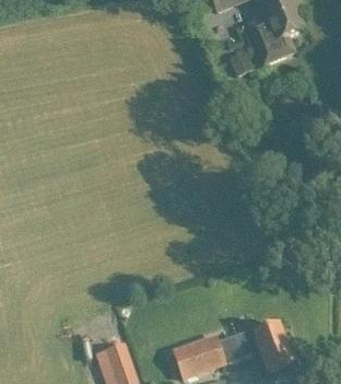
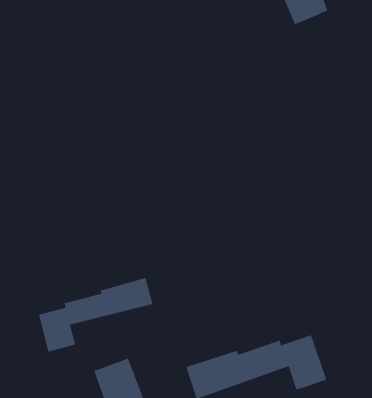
building: none -> [38,277,153,352]

